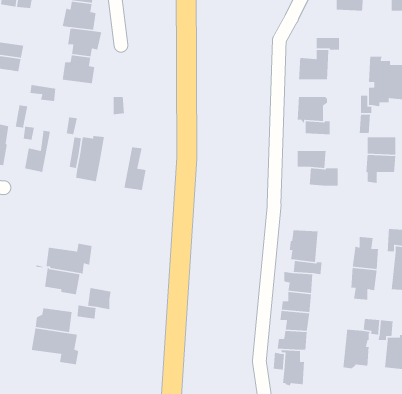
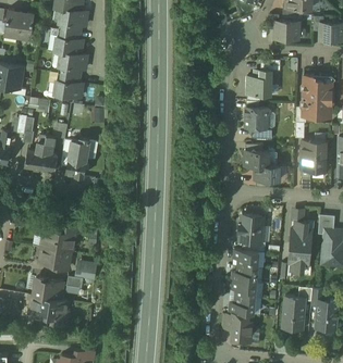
building: [124,147,146,191] -> [39,136,58,172]

